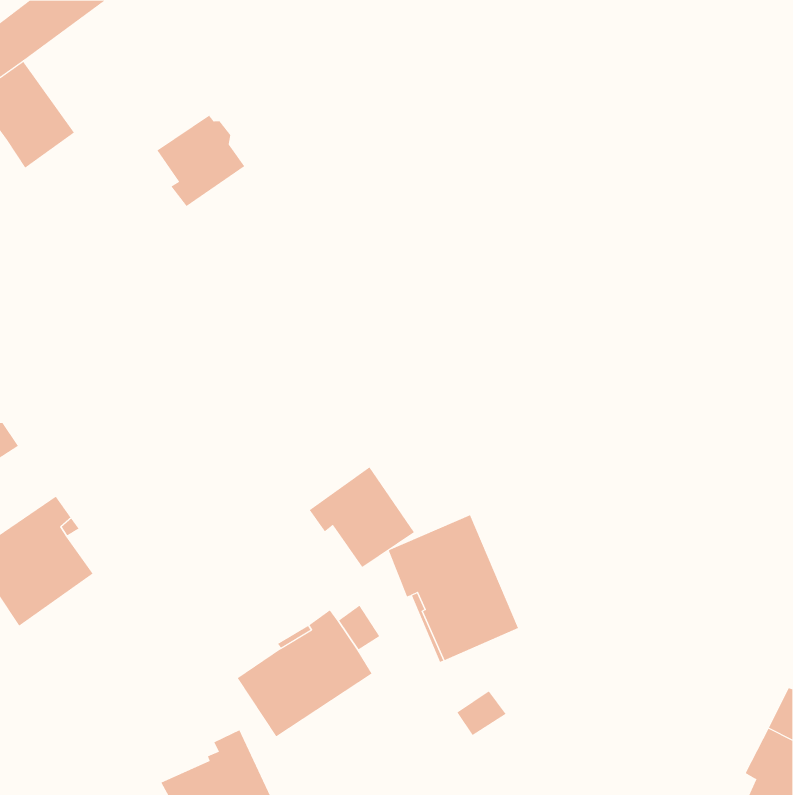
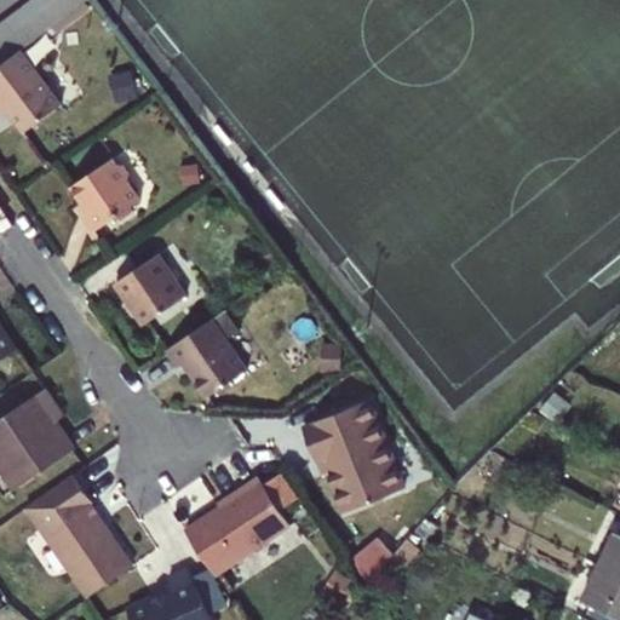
building: [156,115,245,207] -> [70,159,139,230]
building: none -> [116,254,186,323]
building: [309,467,415,568] -> [167,317,249,396]
building: none -> [24,475,132,598]

